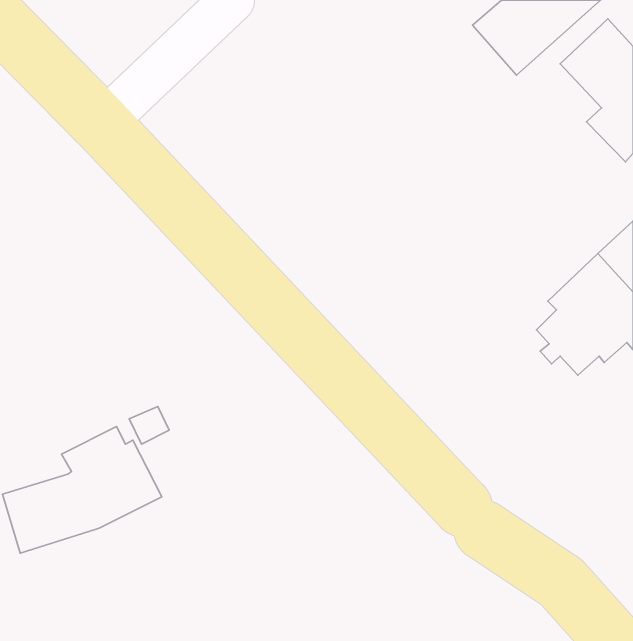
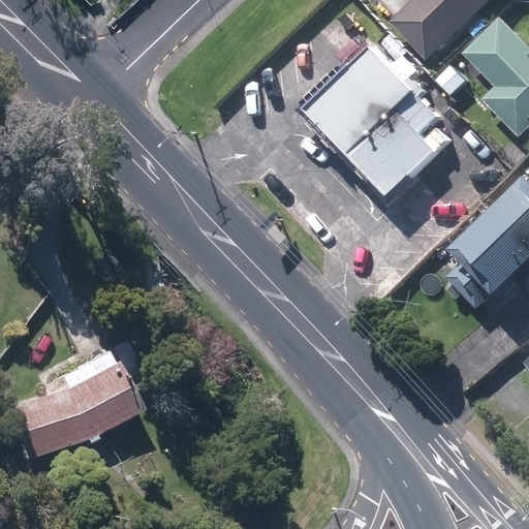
building: none -> [307,49,455,198]

